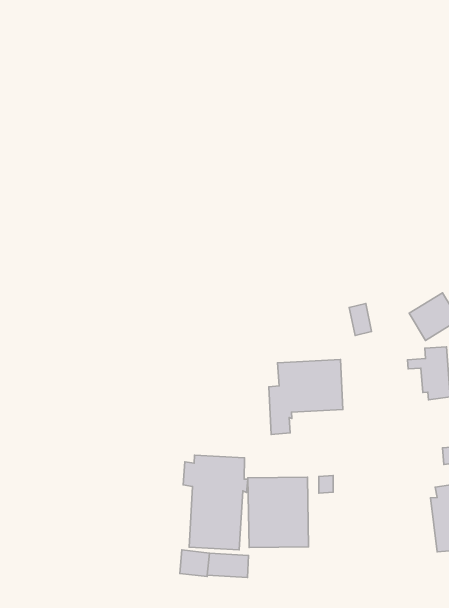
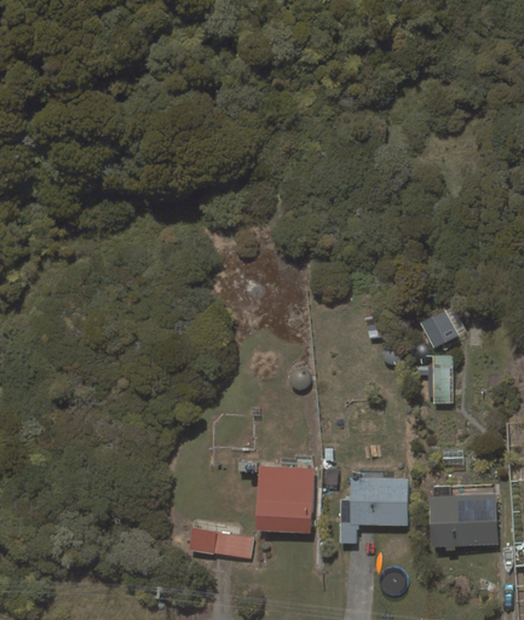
building: [269,359,343,434] -> [338,477,408,544]
building: [183,455,248,550] -> none

